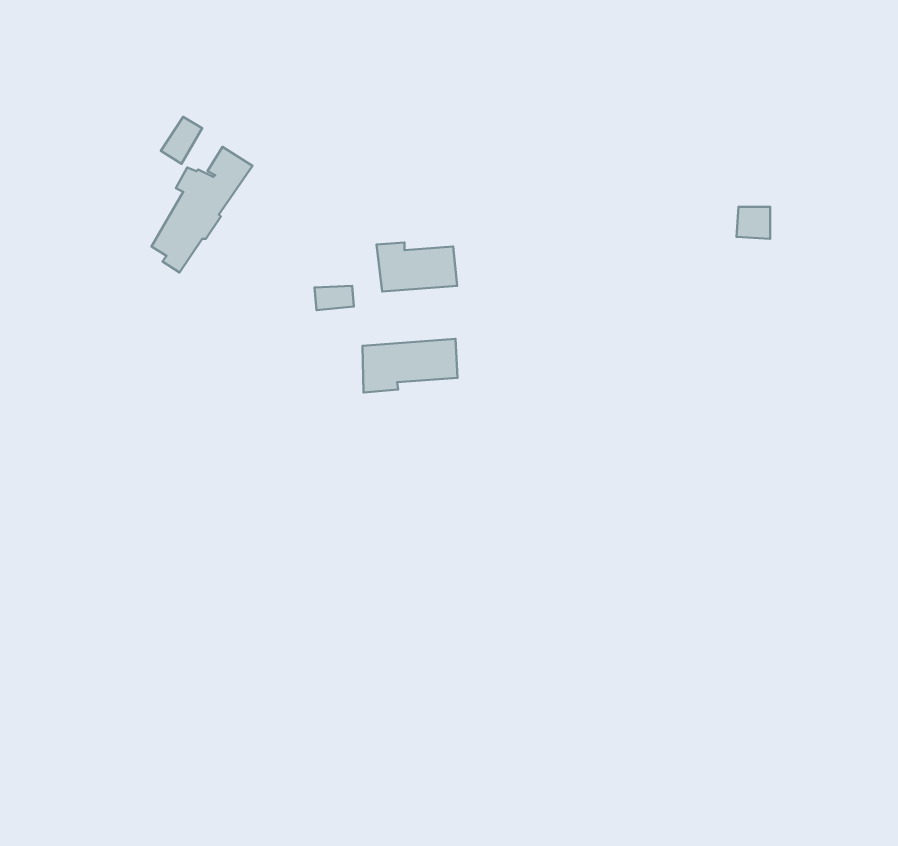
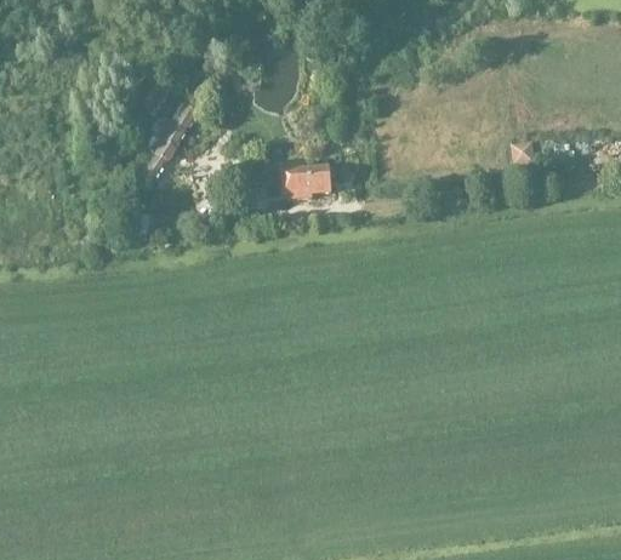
building: [363,339,458,392] -> none

